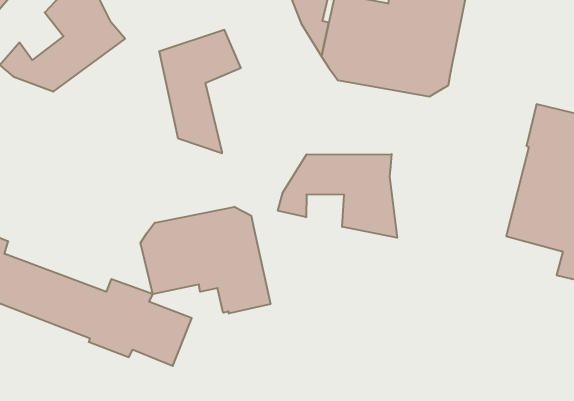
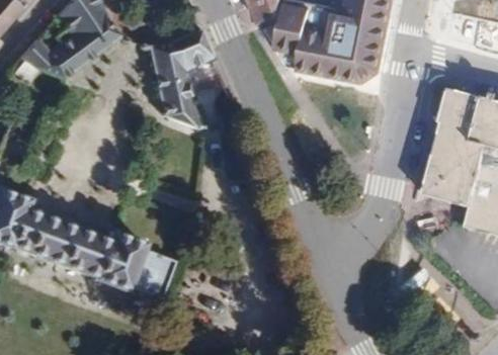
building: [278,154,397,238] -> none
building: [140,207,270,314] -> none

